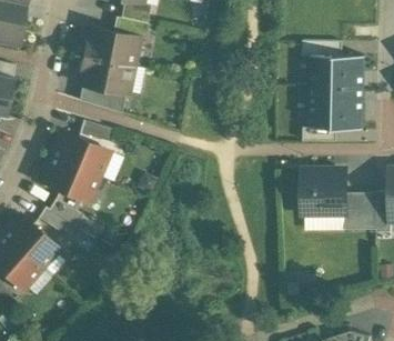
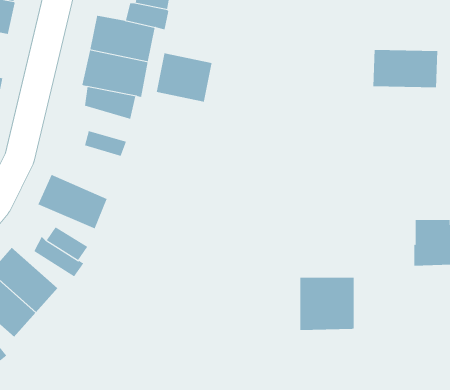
building: none -> [156,53,212,102]
building: [311,86,364,131] -> none
building: [52,132,109,177] -> none
building: [302,171,346,214] -> [299,277,354,331]

